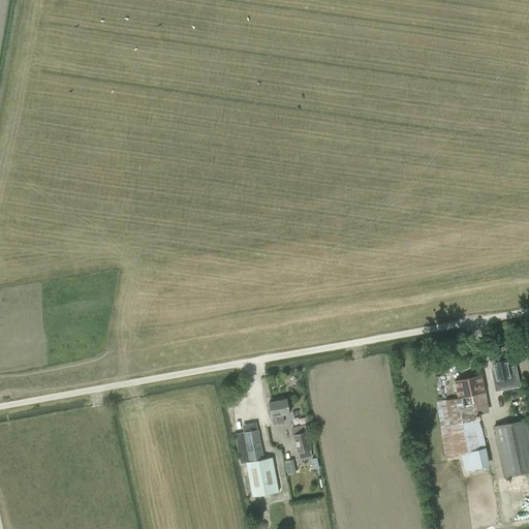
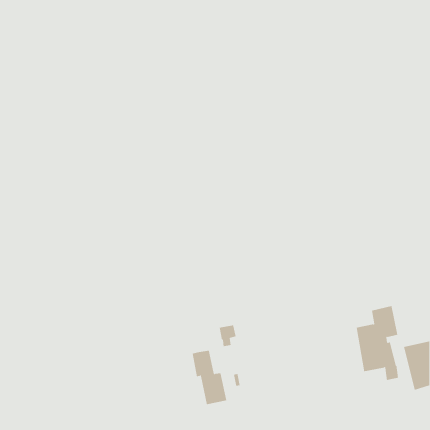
building: [492,361,512,391] -> none
building: [293,426,312,460] -> none

